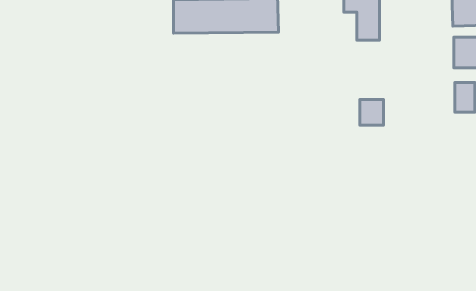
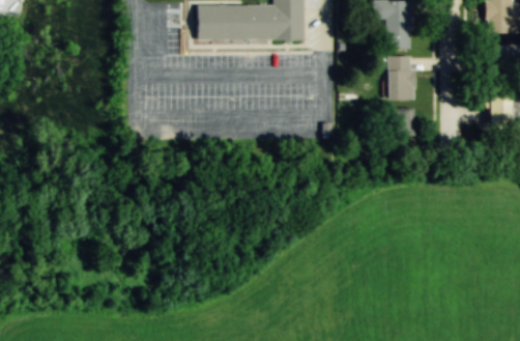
building: none -> [387,56,415,100]

